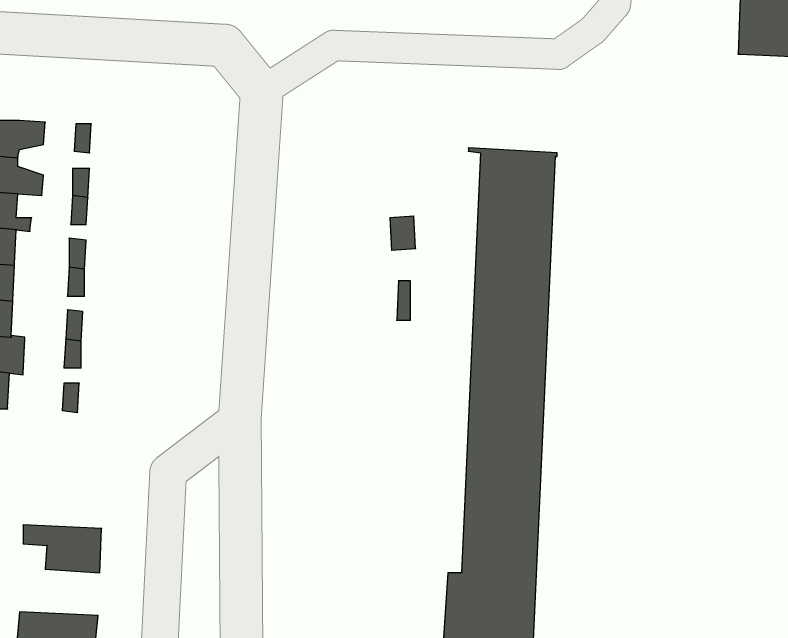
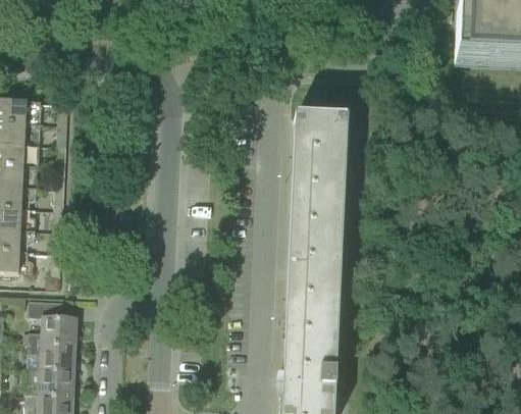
building: none -> [27,300,74,345]
building: none -> [24,369,72,397]

